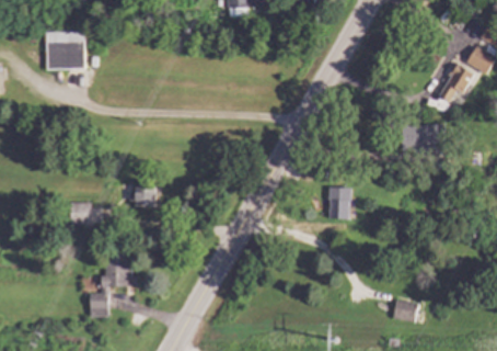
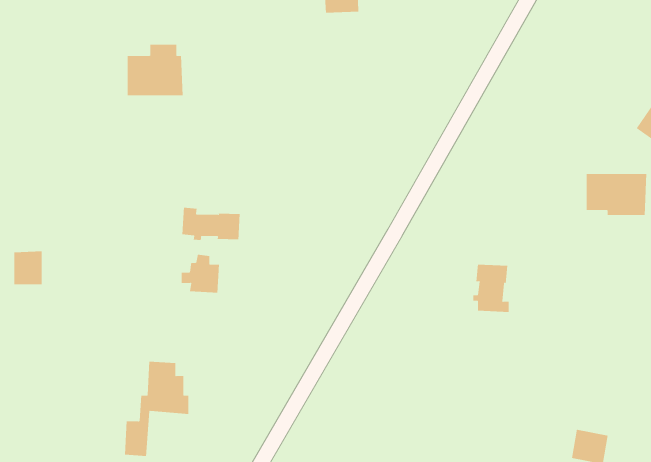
building: [46,33,84,68] -> [127,44,183,96]
building: none -> [182,207,240,241]
building: [71,201,91,224] -> [13,251,43,285]

